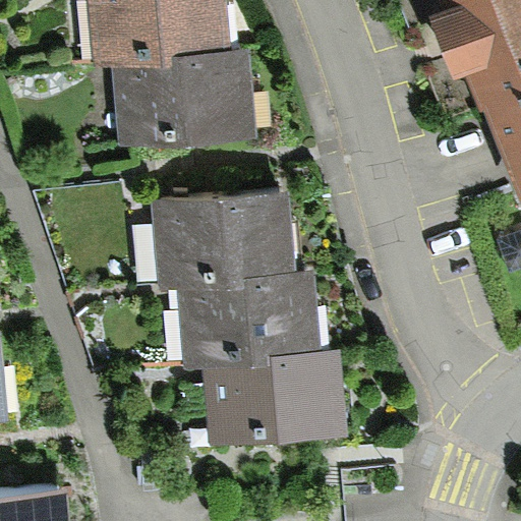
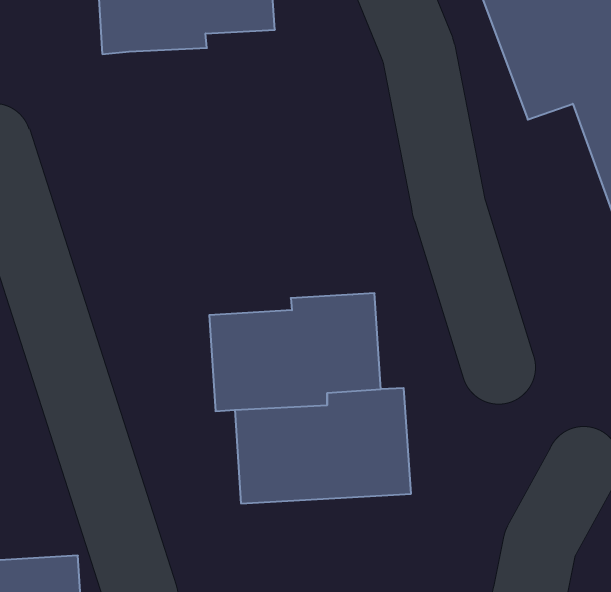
building: [112,46,257,142] -> none
building: [152,191,299,288] -> none

